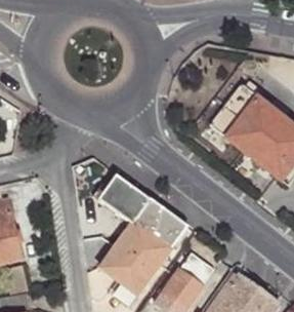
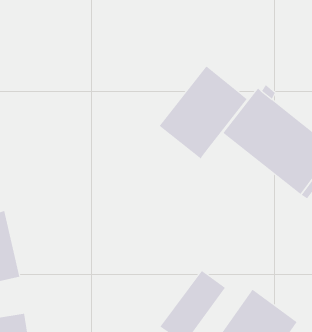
building: none -> [159,65,248,160]
building: [97,172,186,294] -> none

